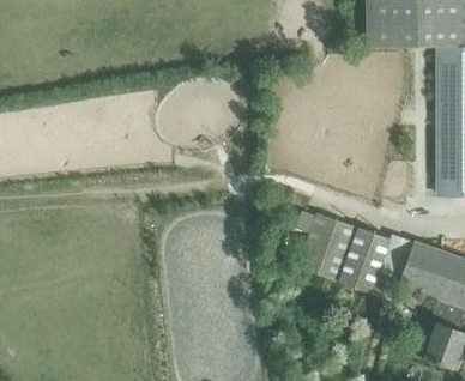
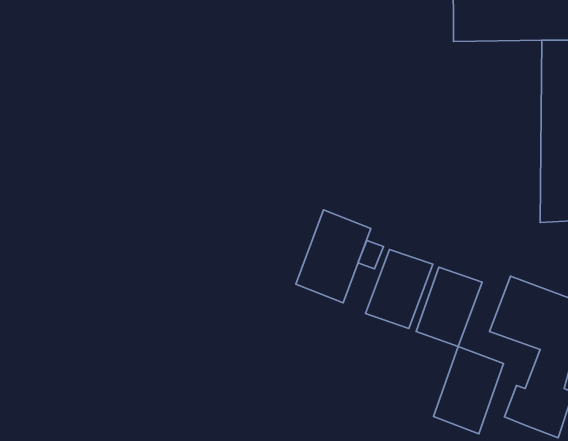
building: none -> [296,210,371,303]
building: none -> [434,347,503,434]

